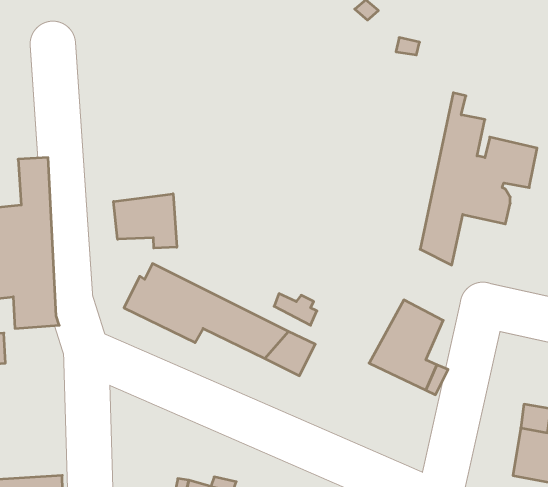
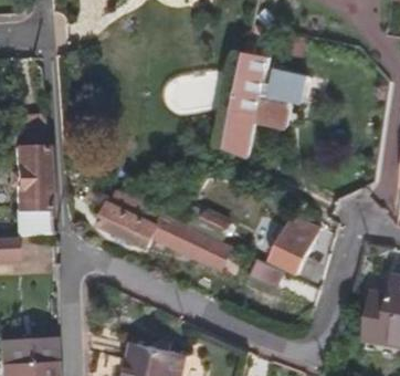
building: [420,93,537,265] -> [224,38,306,158]
building: [114,194,177,248] -> none

